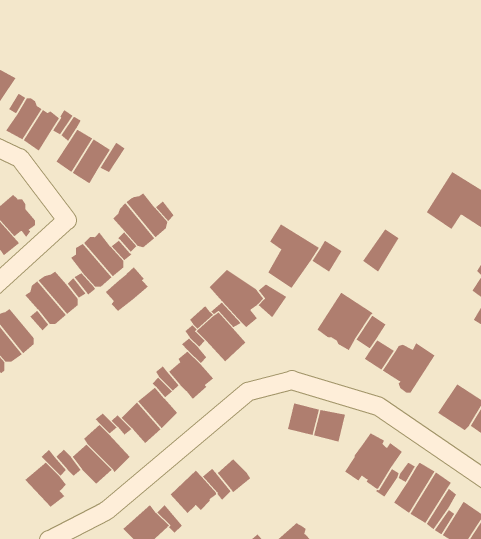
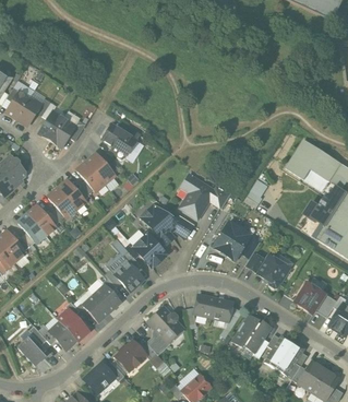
building: none -> [100,125,136,161]
building: [105,267,149,312] -> none
building: none -> [148,308,182,342]

